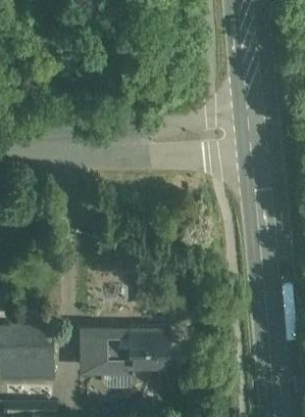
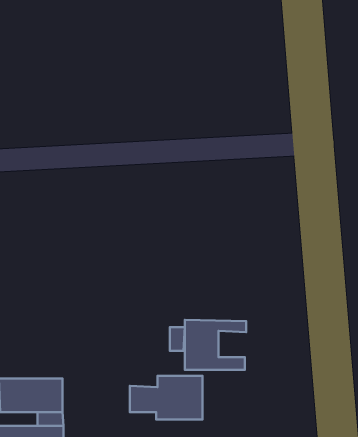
building: [80,329,130,370] -> [185,320,246,370]

